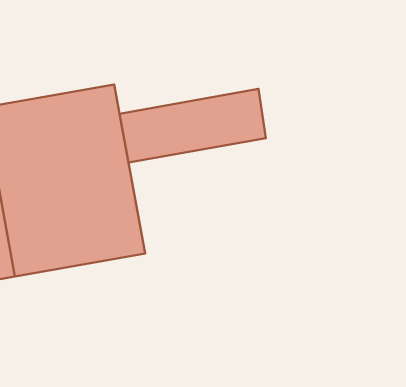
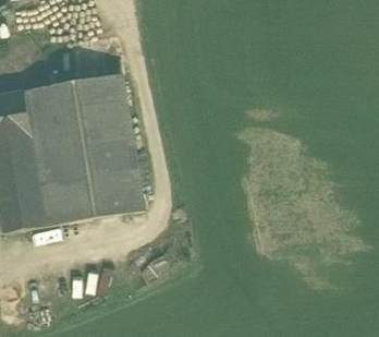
building: [120,89,266,163] -> none

